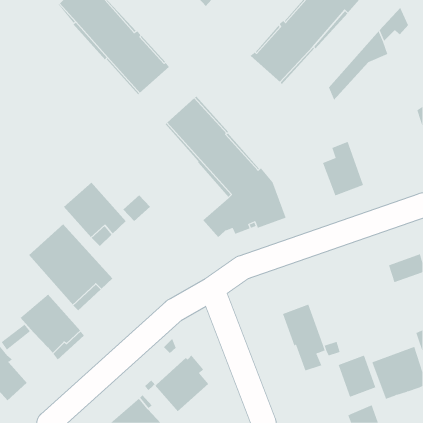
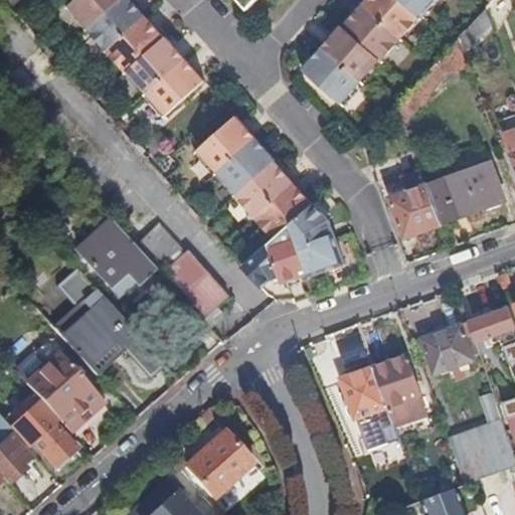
building: none -> [426,159,503,223]
building: none -> [164,250,227,329]
building: none -> [421,323,474,372]
building: none -> [10,401,76,468]
building: [338,355,376,397] -> [373,354,419,405]

